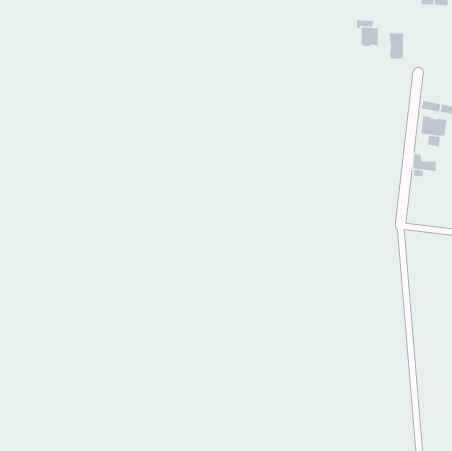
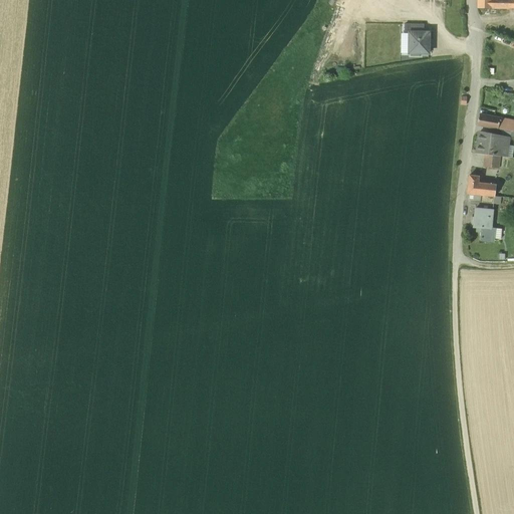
building: [389,33,404,60] -> none
building: none -> [472,207,495,238]

